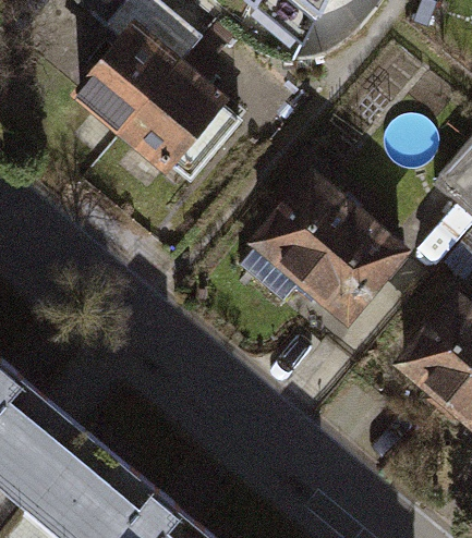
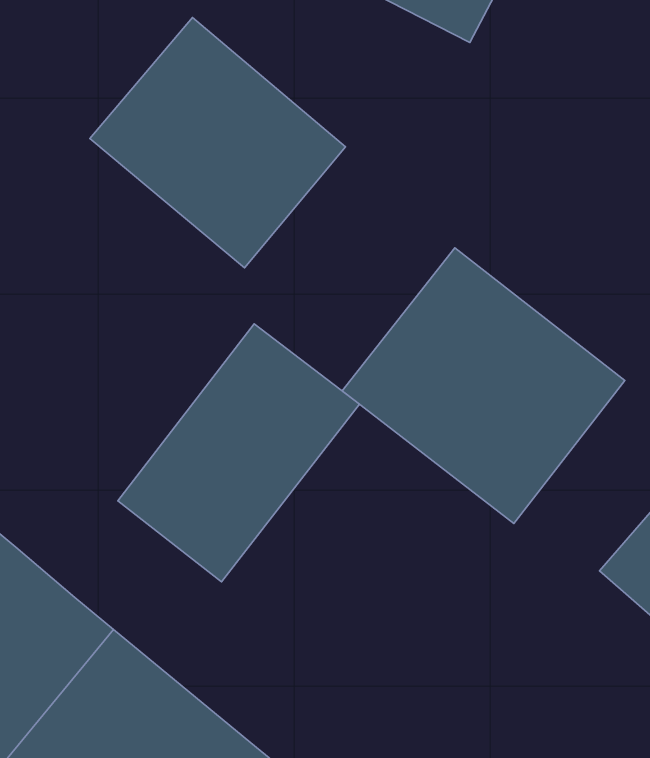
building: none -> [118,324,360,582]

